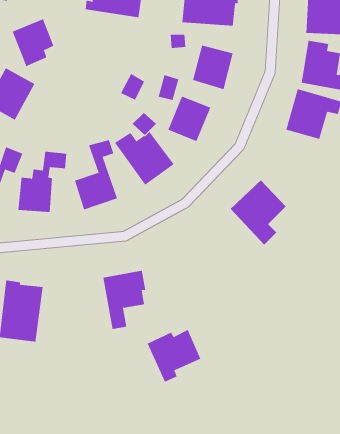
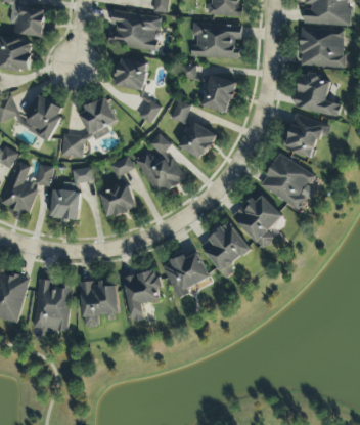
building: [12,19,54,67] -> [80,98,117,140]
building: none -> [114,56,149,90]
building: none -> [60,134,84,157]
building: none -> [260,153,316,209]
building: none -> [200,221,252,278]
building: none -> [81,281,119,327]
building: [147,329,201,382] -> [163,252,210,298]

